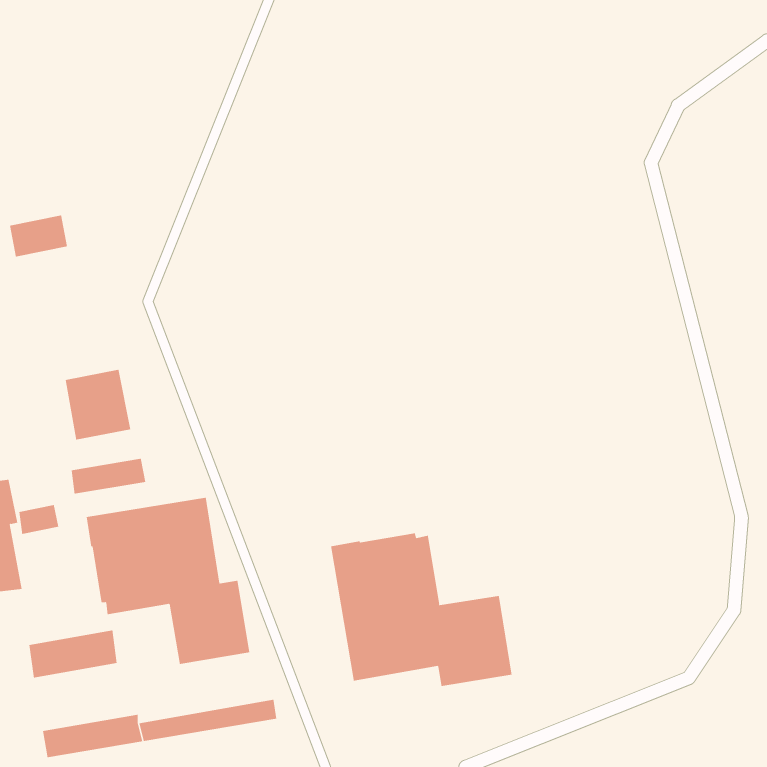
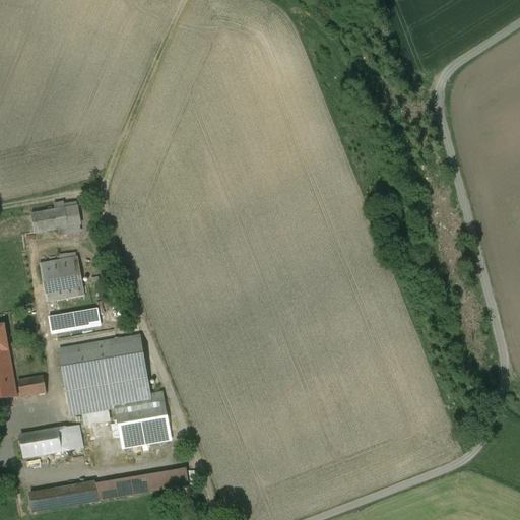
building: [9,215,68,257] -> [32,200,72,229]
building: [18,504,59,534] -> [17,376,45,396]
building: [330,533,512,687] -> none

